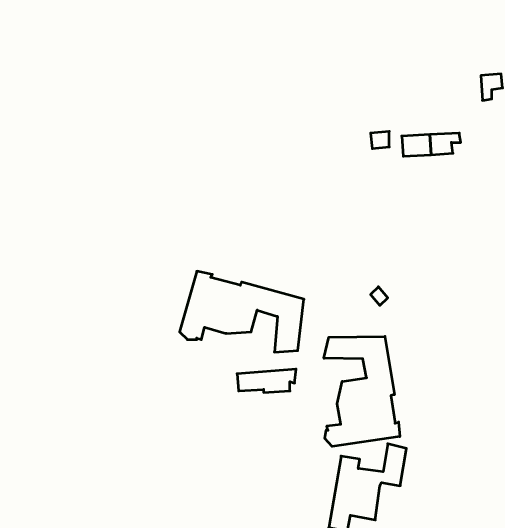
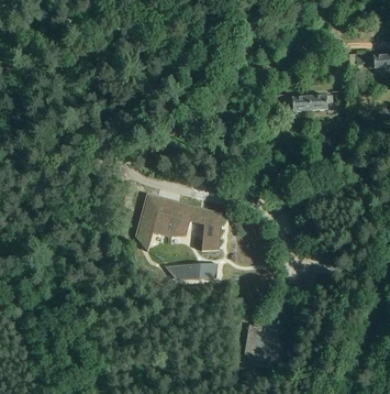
building: [324,336,400,446] -> none

